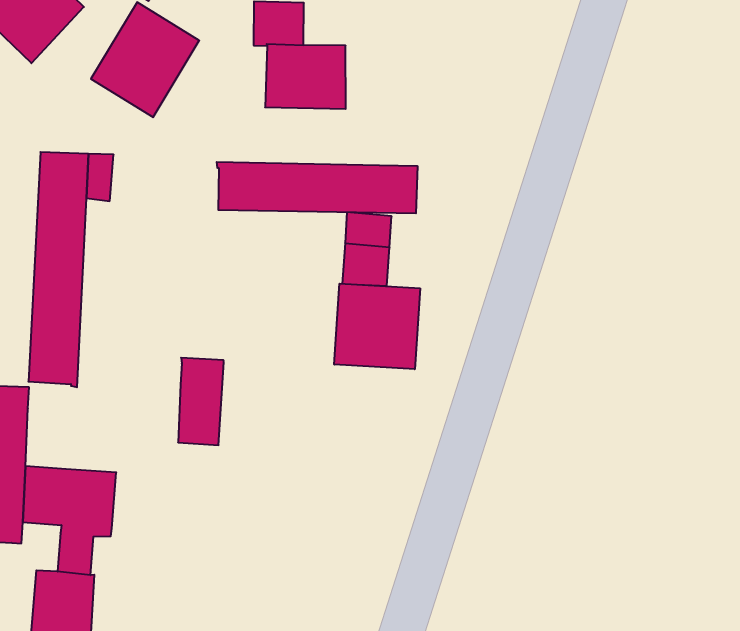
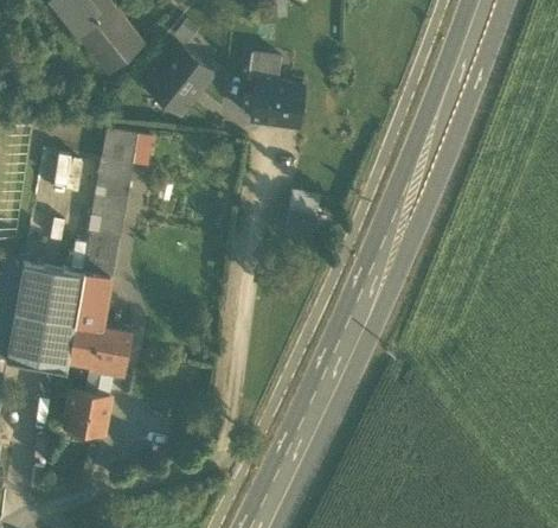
building: [217,162,417,213] -> none
building: [334,284,420,369] -> none
building: [178,358,224,445] -> [75,271,109,327]

